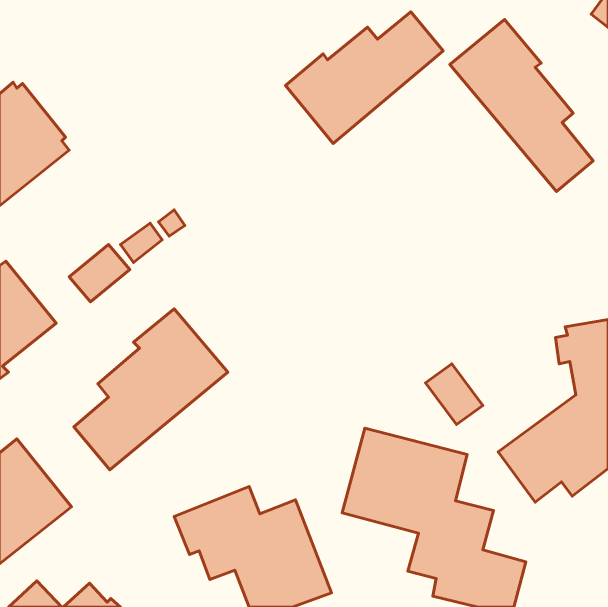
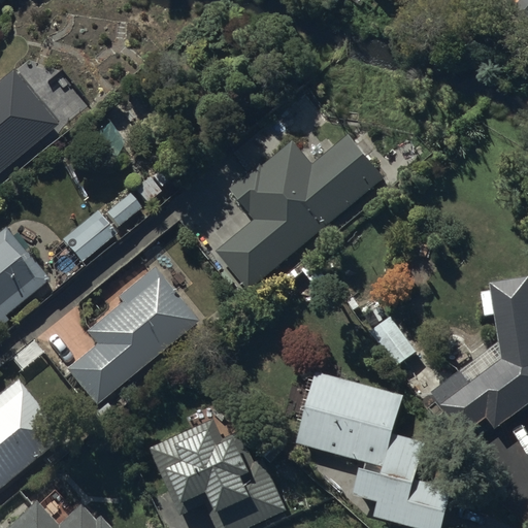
building: [285,12,443,144] -> none
building: [450,20,593,192] -> none
building: none -> [217,130,392,290]

